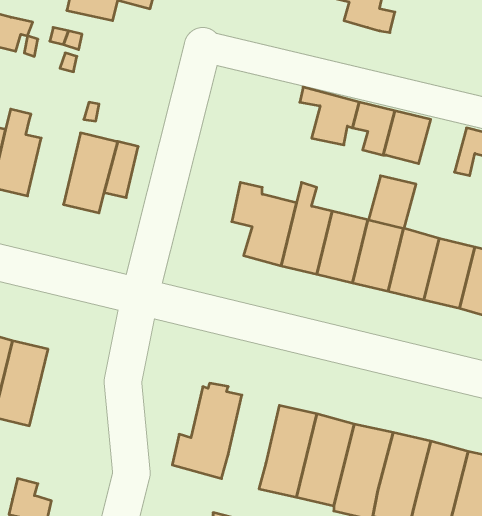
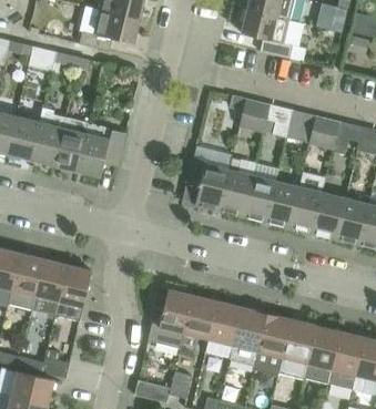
building: none -> [53,119,88,171]
building: [368,176,416,228] -> [308,115,339,150]
building: none -> [54,265,91,321]
building: none -> [184,295,217,339]

